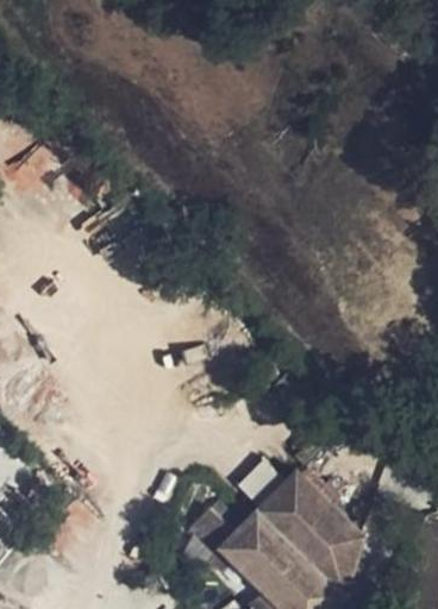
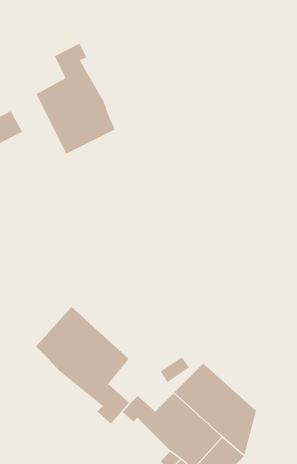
building: none -> [35,42,116,155]
building: none -> [35,306,130,424]

